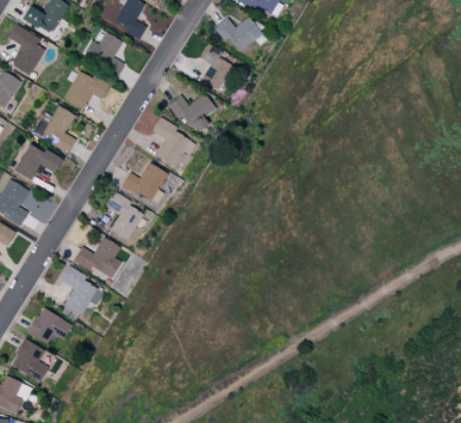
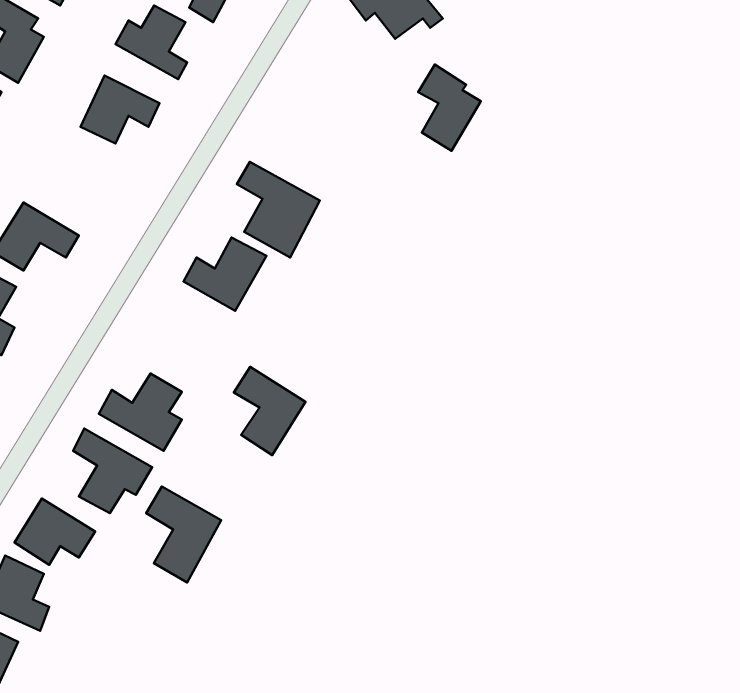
building: [199,43,234,91] -> [418,64,481,151]
building: [168,94,215,133] -> none
building: [45,105,76,154] -> none
building: [106,193,145,242] -> [234,367,305,455]
building: none -> [146,486,221,582]

